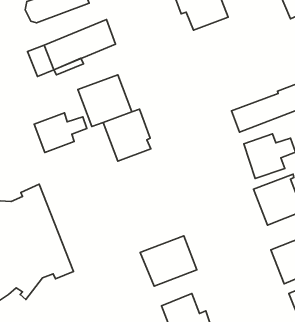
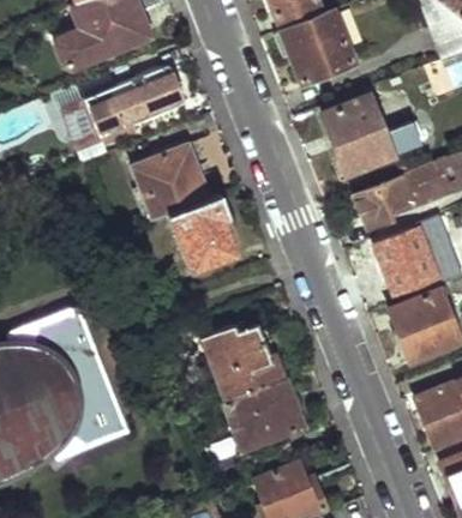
building: none -> [324,98,421,175]
building: [34,113,87,152] -> none
building: none -> [203,315,287,402]

